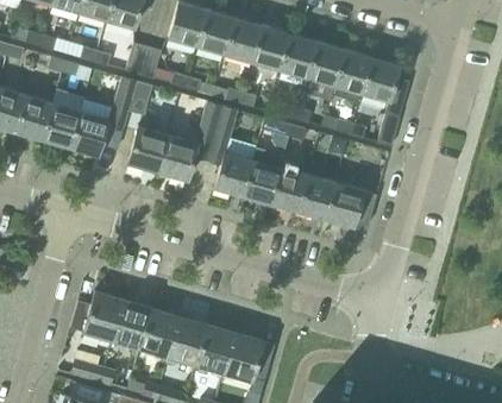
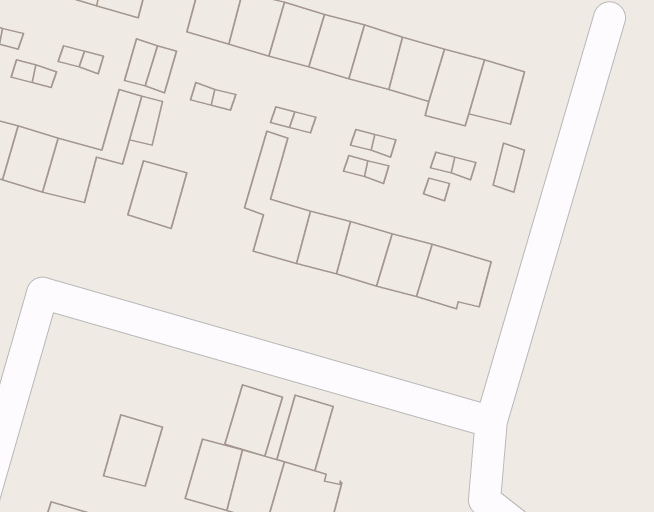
building: [158,103,224,182] -> none
building: none -> [277,395,333,471]
building: [70,292,124,342] -> none
building: [140,309,180,358] -> [225,385,282,456]

